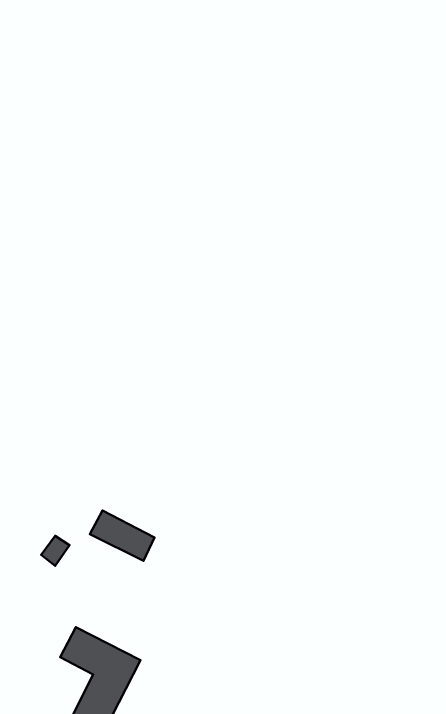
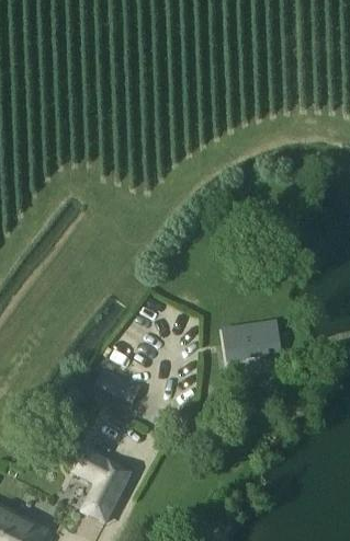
building: none -> [224,323,281,360]

